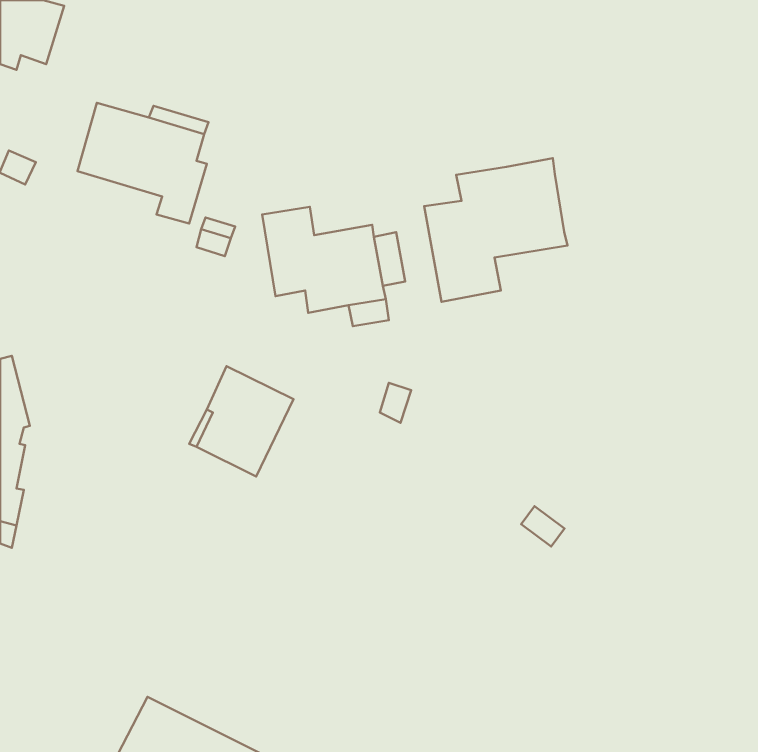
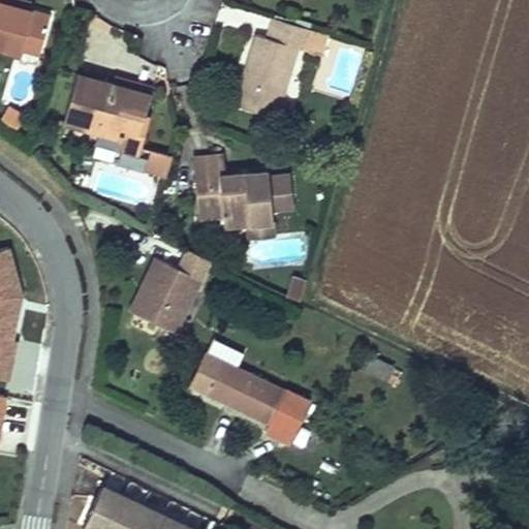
building: none -> [228,14,326,115]
building: [424,158,567,302] -> none
building: none -> [191,335,315,449]

